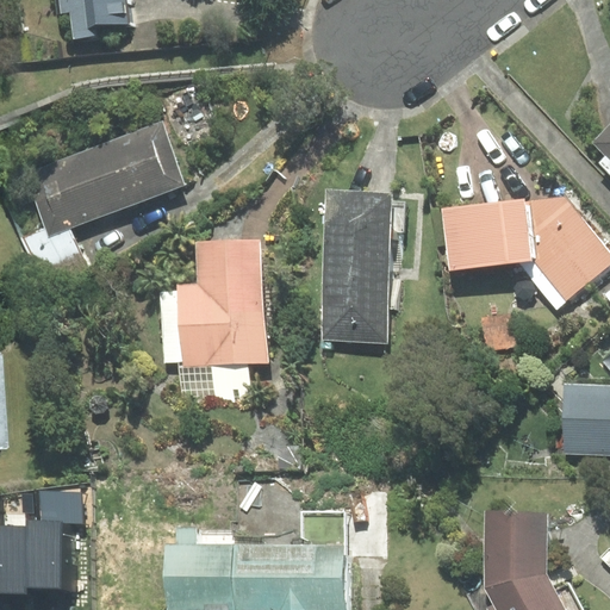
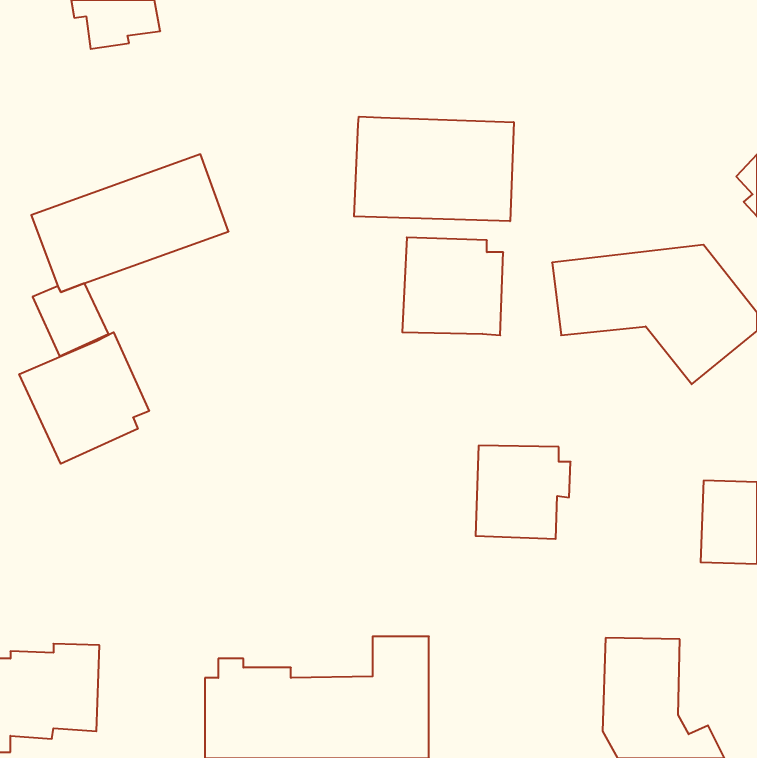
building: none -> [354,117,514,221]
building: [161,238,267,407] -> none
building: none -> [19,332,149,464]
building: [320,267,397,342] -> [476,446,571,539]

